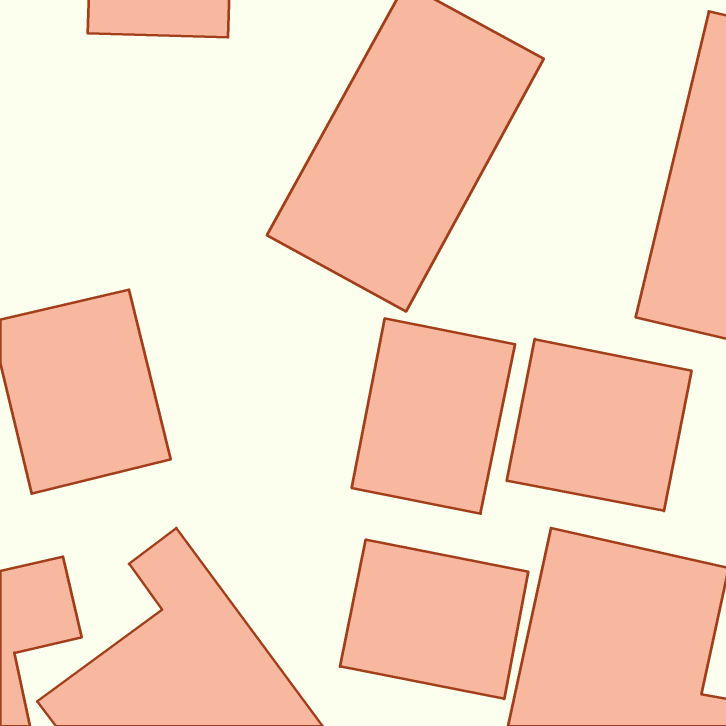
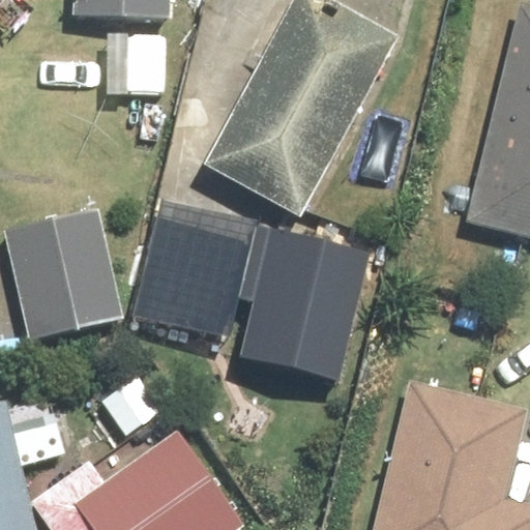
building: none -> [140,199,257,350]
building: [507,339,691,511] -> none
building: [340,540,528,699] -> none

